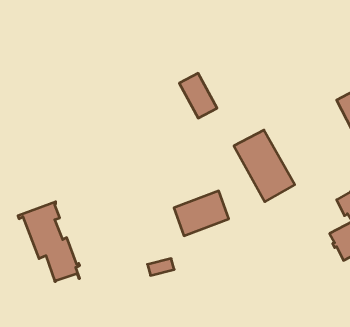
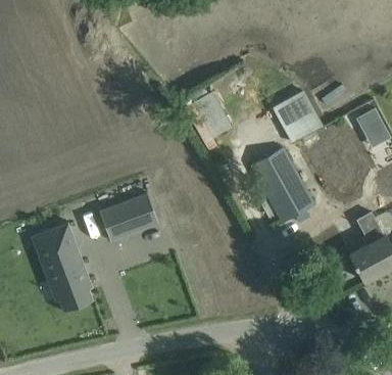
building: none -> [272,90,321,143]
building: [174,191,229,236] -> [101,195,157,241]

